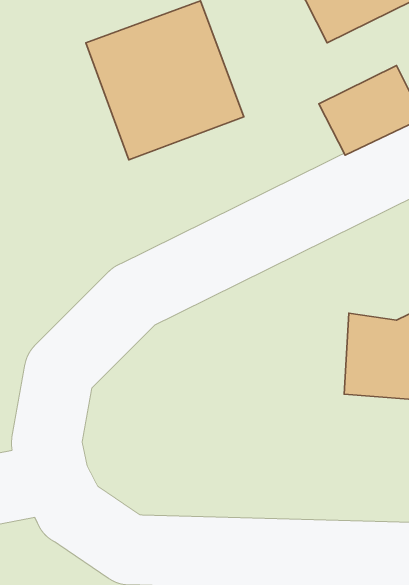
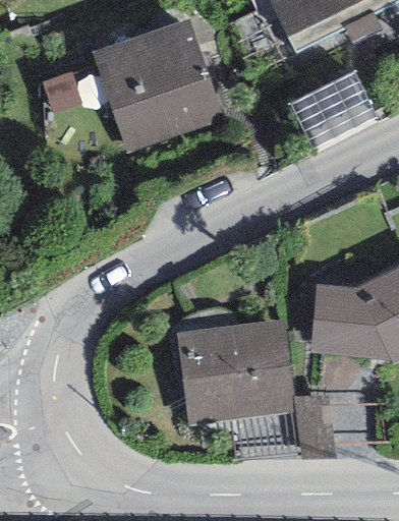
building: none -> [176,320,295,423]

